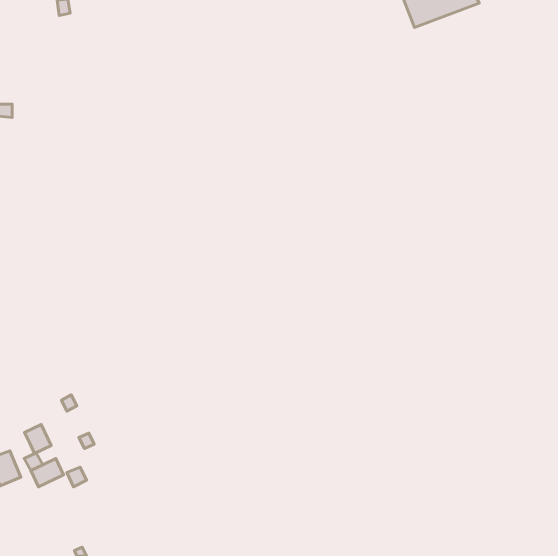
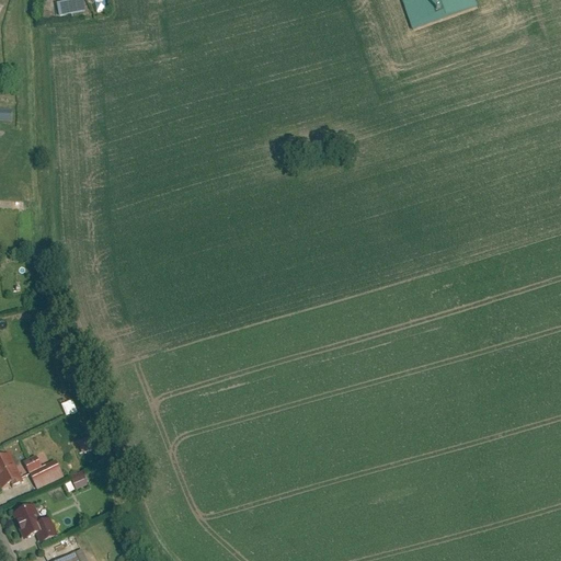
building: [25,425,51,454] -> none
building: none -> [13,501,56,540]

